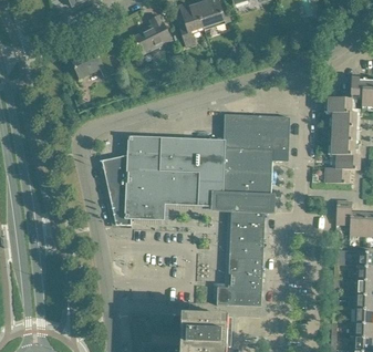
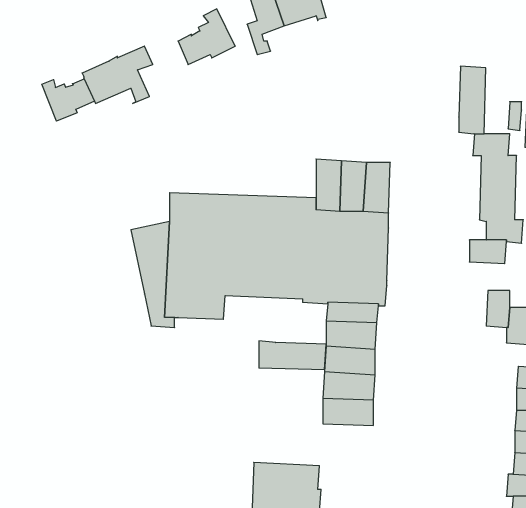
building: none -> [42,79,94,121]
building: [272,116,290,161] -> [459,66,486,134]
building: [218,287,262,306] -> [259,341,326,370]

